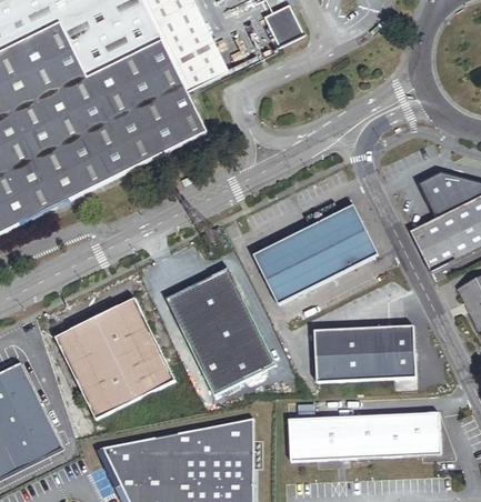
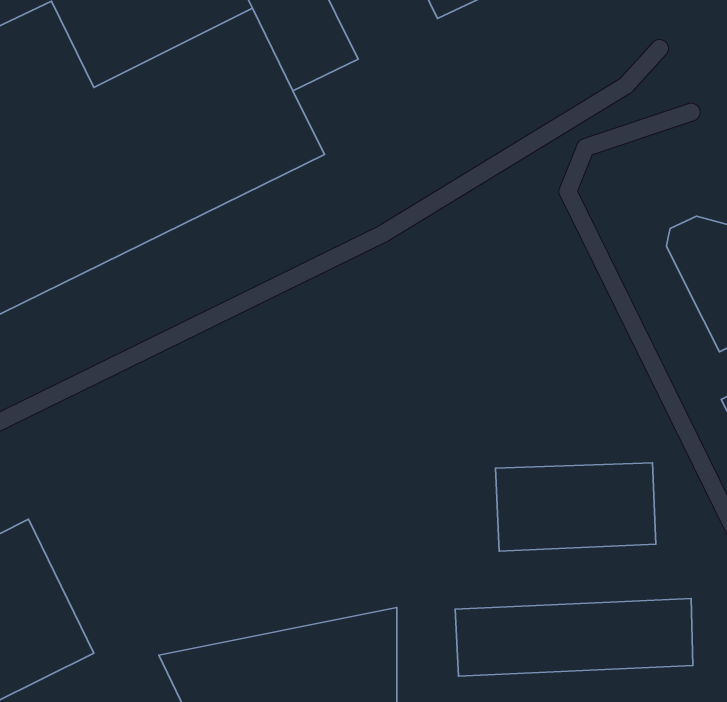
building: [253,203,378,303] -> none
building: [410,215,455,269] -> none
building: [166,267,274,393] -> none
building: [54,298,174,418] -> none

